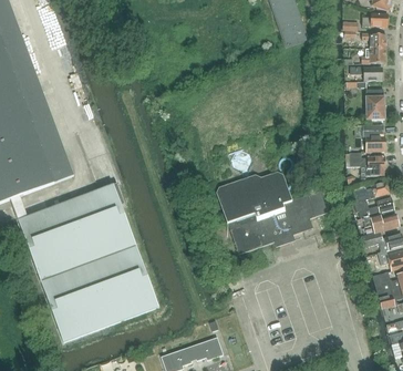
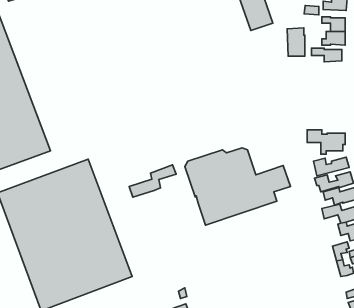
building: [365,89,384,118] -> [287,28,305,56]
building: [354,125,385,152] -> none
building: none -> [129,165,176,197]

